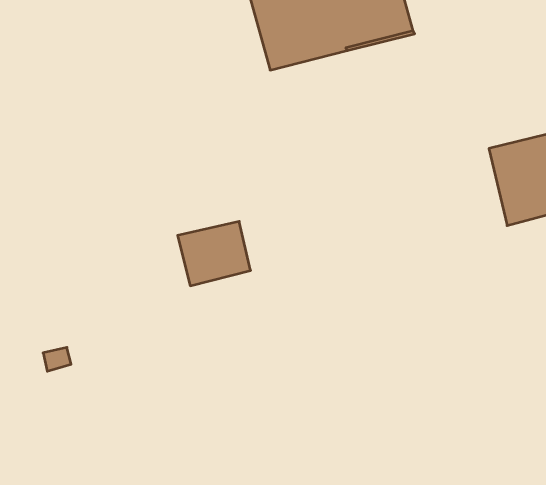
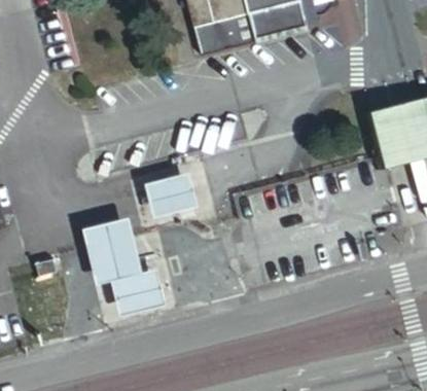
building: none -> [83,217,167,316]

